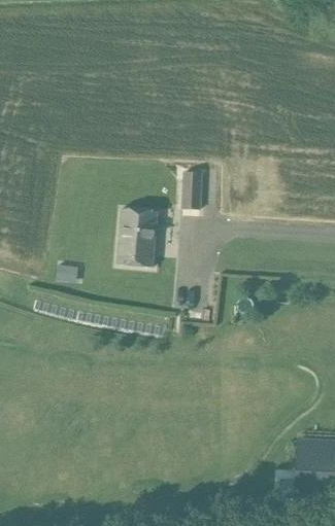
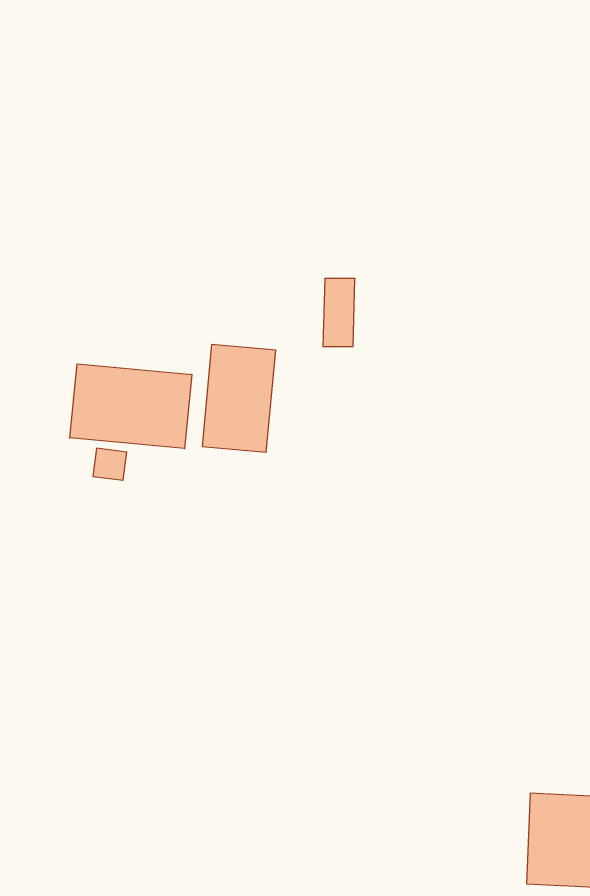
building: none -> [70,364,192,449]

